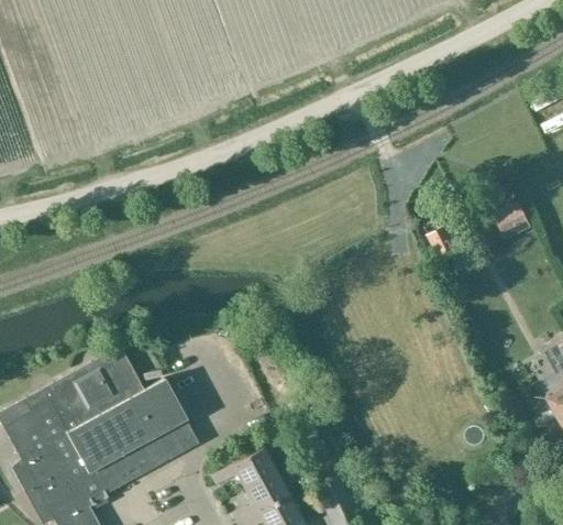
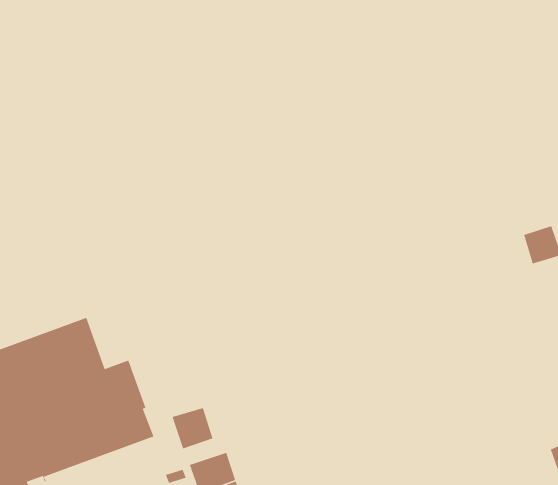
building: none -> [171,407,214,449]

